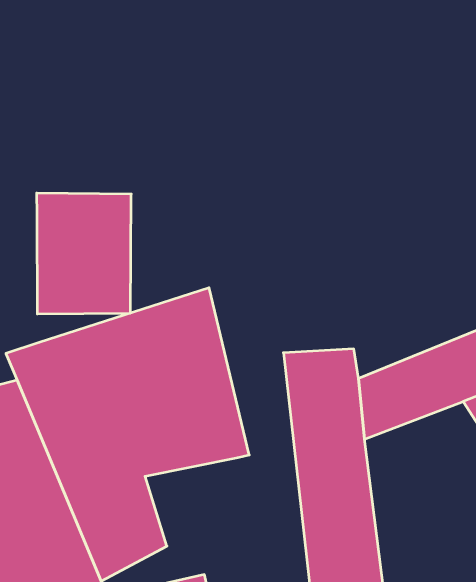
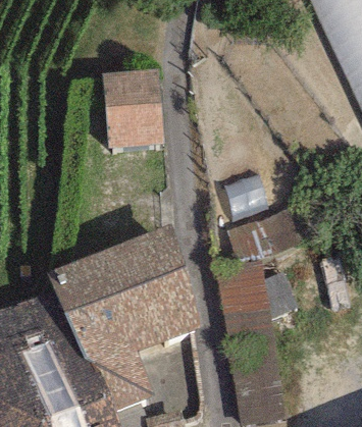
building: [37,193,131,314] -> [103,73,166,152]

